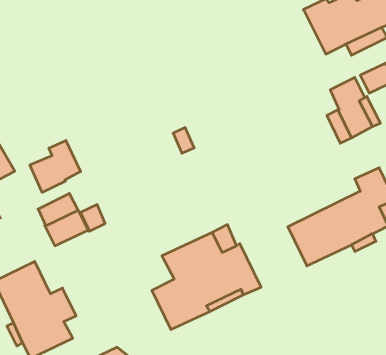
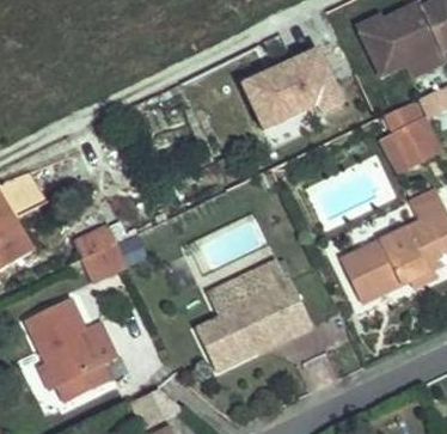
building: none -> [234,39,343,132]
building: [30,140,81,192] -> none

